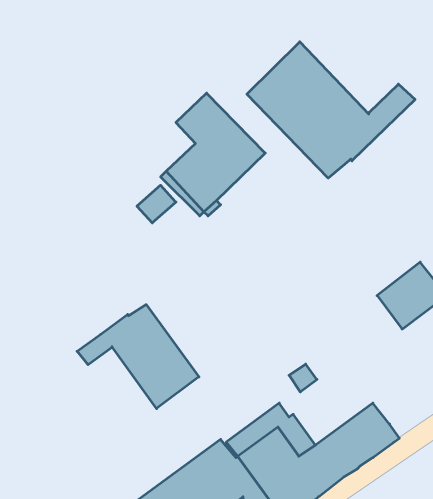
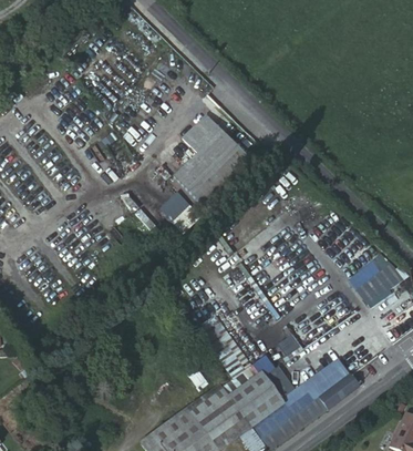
building: [247,42,415,178] -> none
building: [77,305,199,409] -> none

